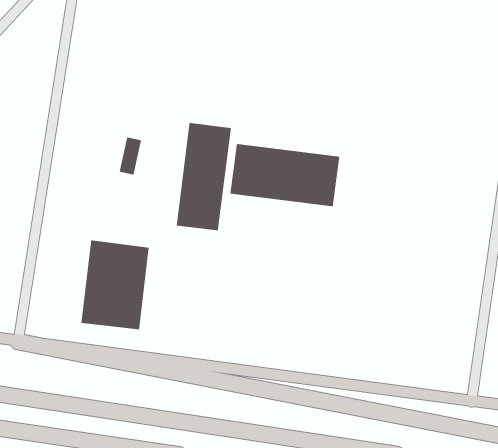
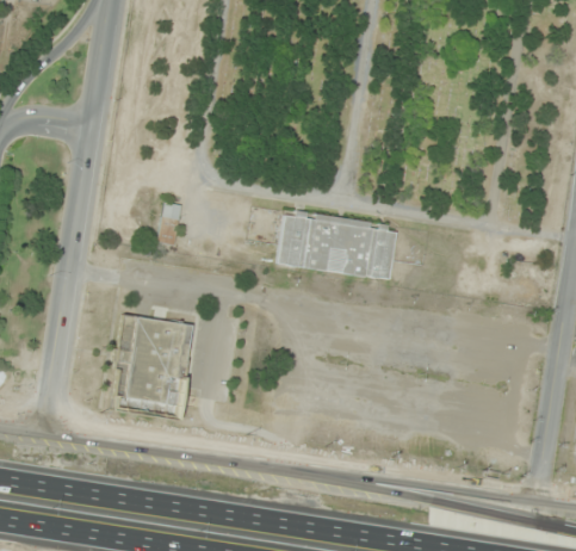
building: [176,122,231,231] -> none

